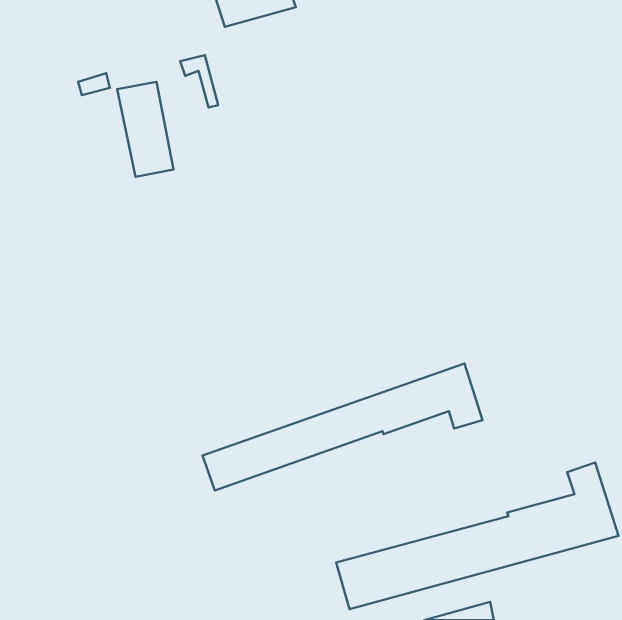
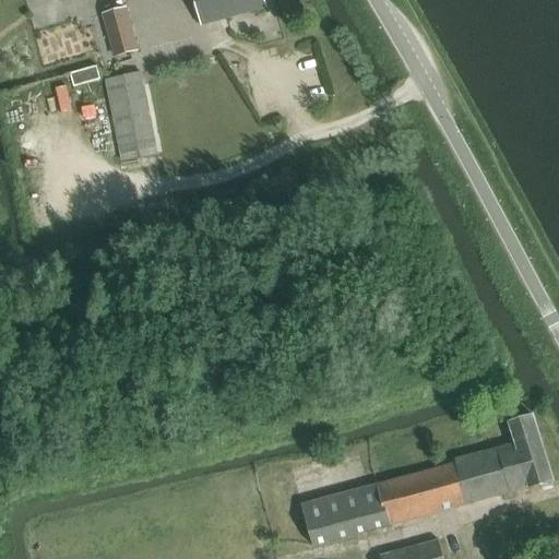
building: [180,55,218,108] -> [102,7,135,53]
building: [203,363,483,491] -> none

